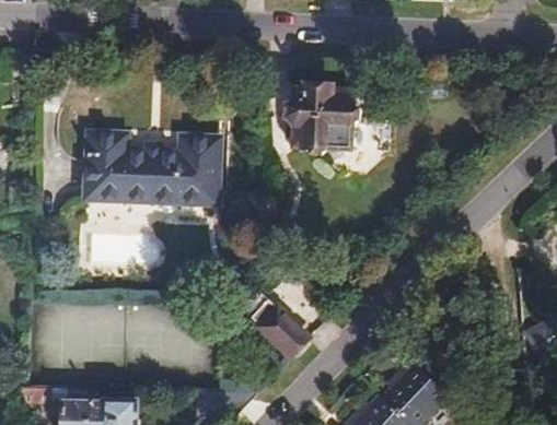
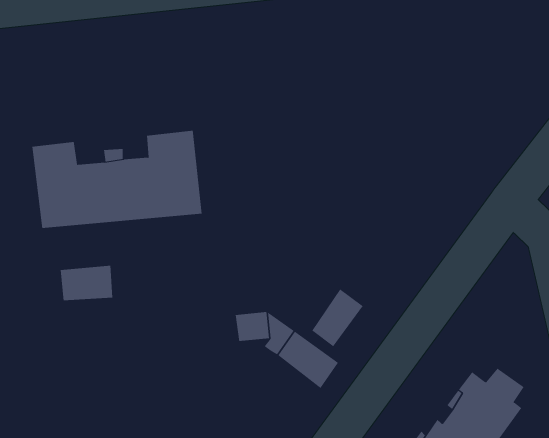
building: [294,86,369,166] -> none
building: none -> [311,288,363,347]

